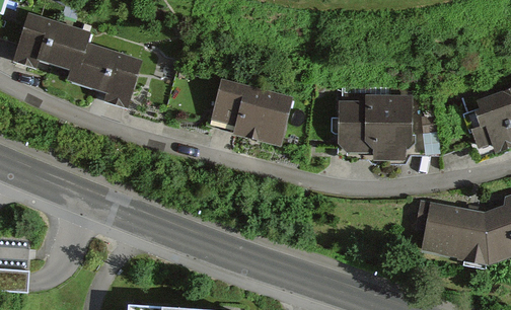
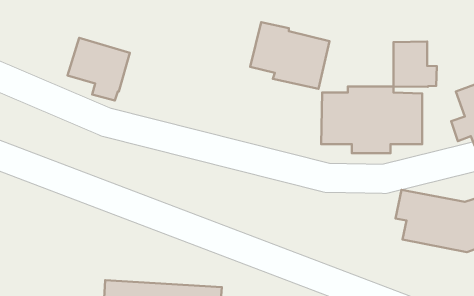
building: [14,13,94,84] -> none
building: none -> [394,42,437,87]
building: [211,79,292,147] -> [250,22,329,89]

